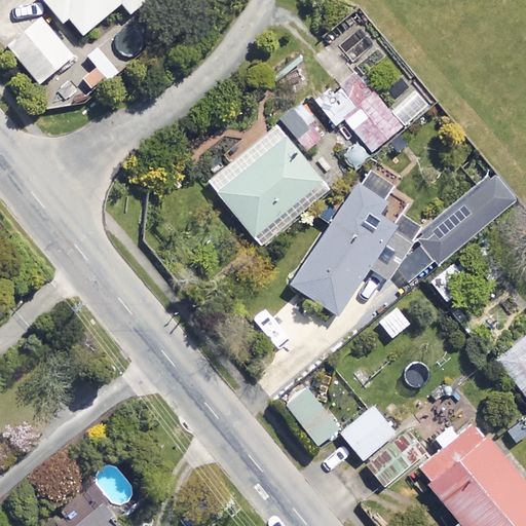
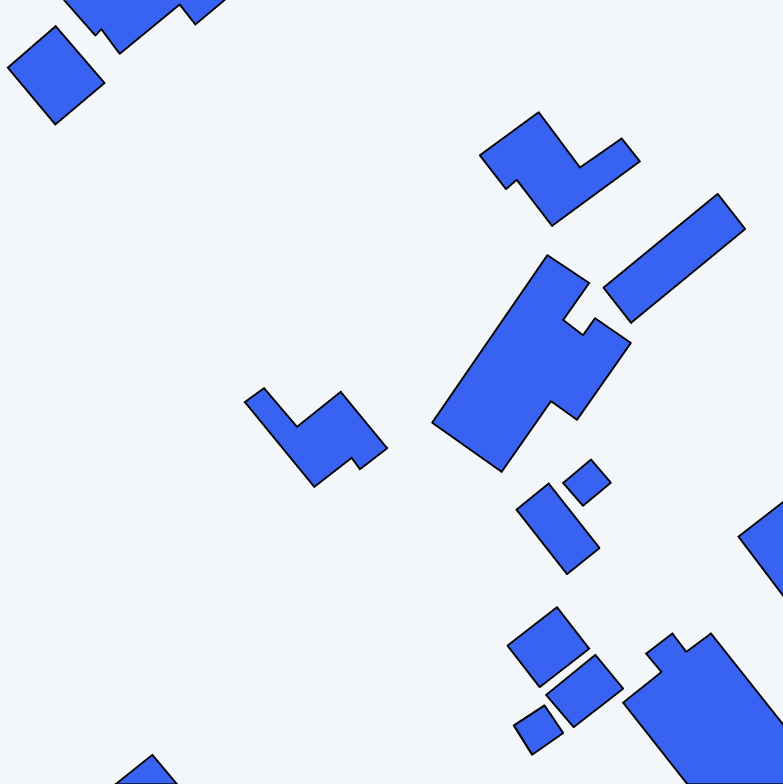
building: [209,112,347,246] -> none
building: [419,178,514,264] -> [604,194,745,323]
building: none -> [245,388,387,487]
building: [284,385,339,446] -> [516,483,599,574]

